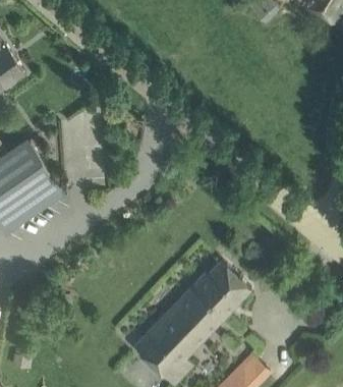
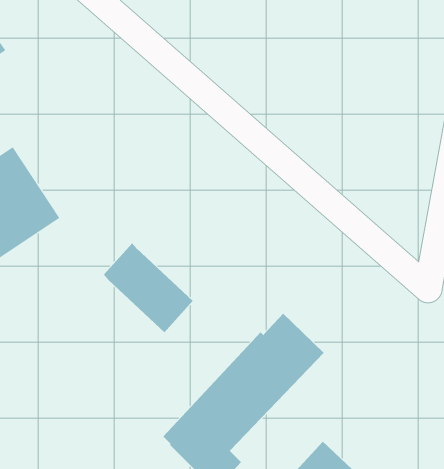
building: none -> [103,243,194,333]

